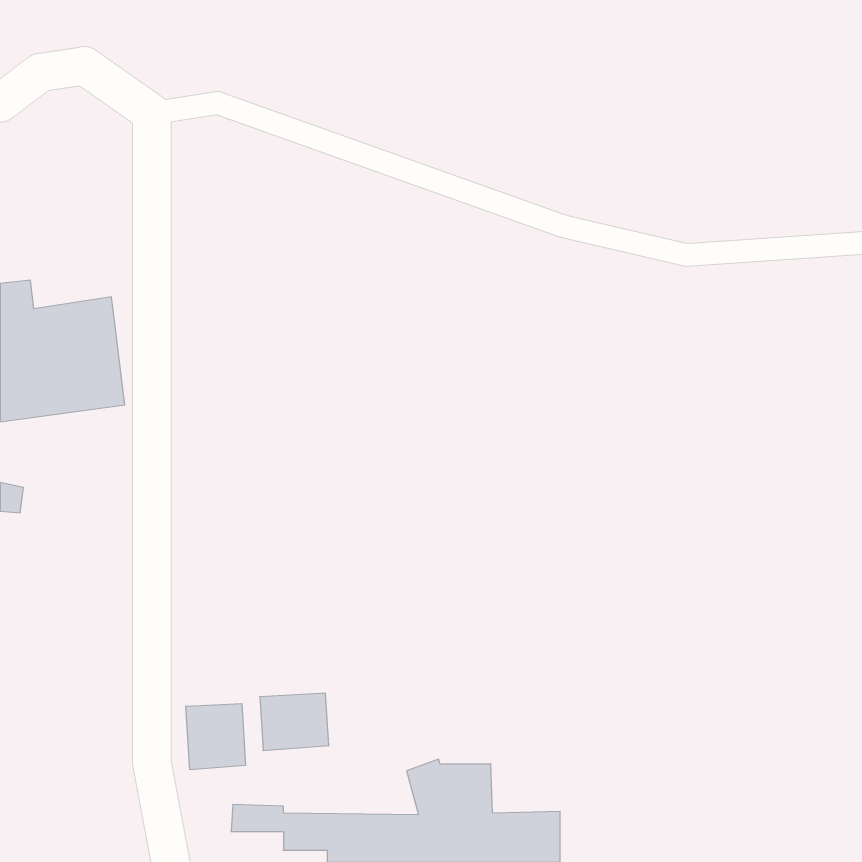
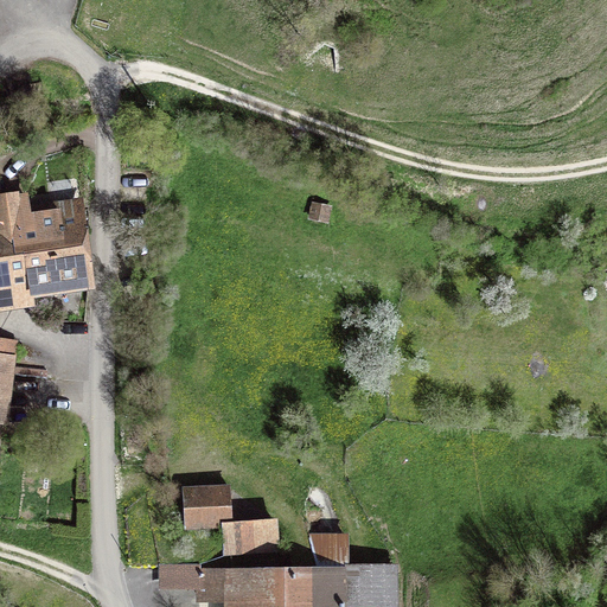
building: [186,704,246,770] -> none
building: none -> [225,524,277,551]

